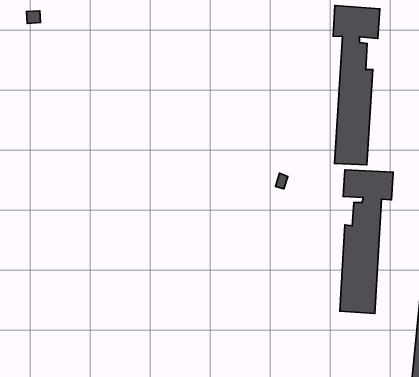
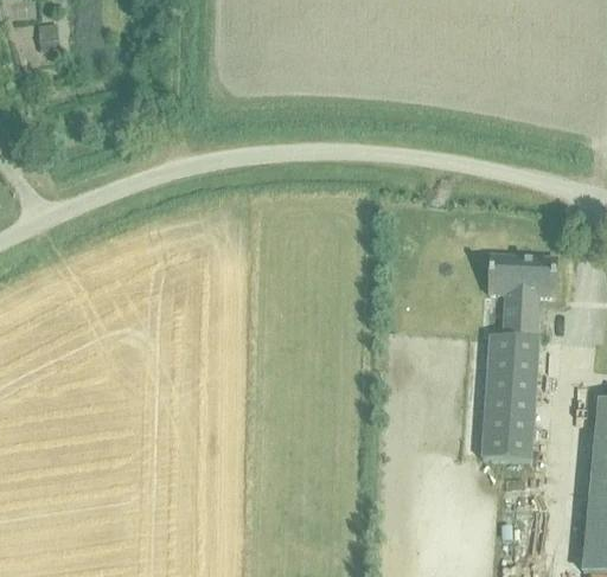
building: [333,6,380,165] -> none

